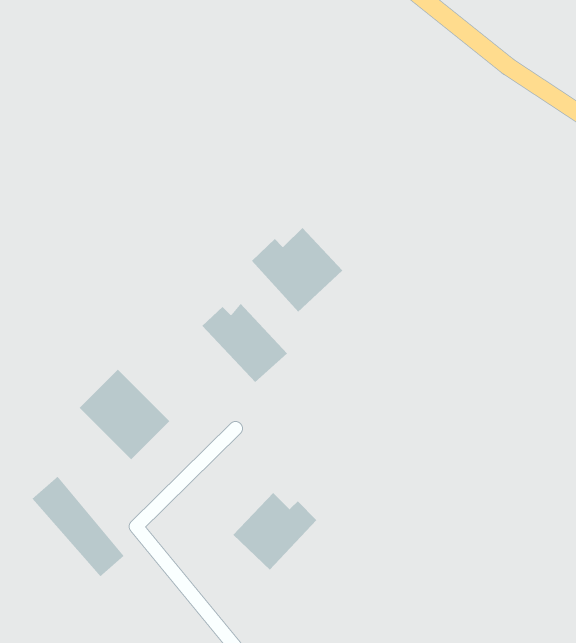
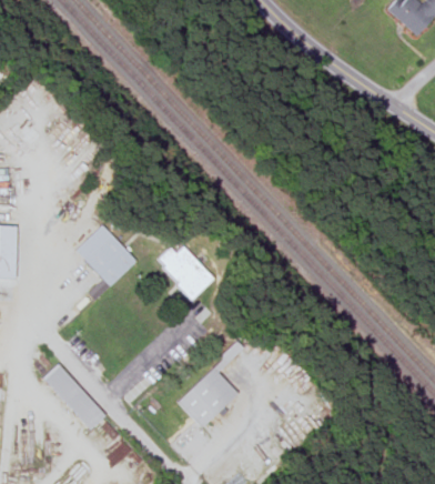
building: [251,227,343,313] -> none
building: [79,369,170,460] -> [75,225,138,288]

